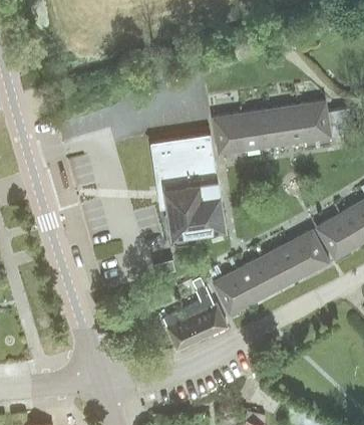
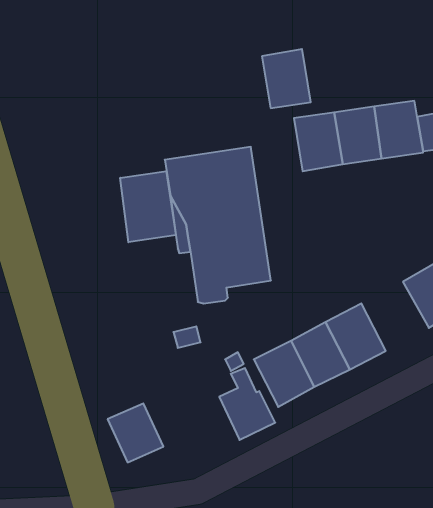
building: [212,114,246,155] -> [262,49,311,108]
building: none -> [120,171,176,242]
building: [287,230,329,276] -> none
building: [162,308,202,350] -> [108,403,163,462]

